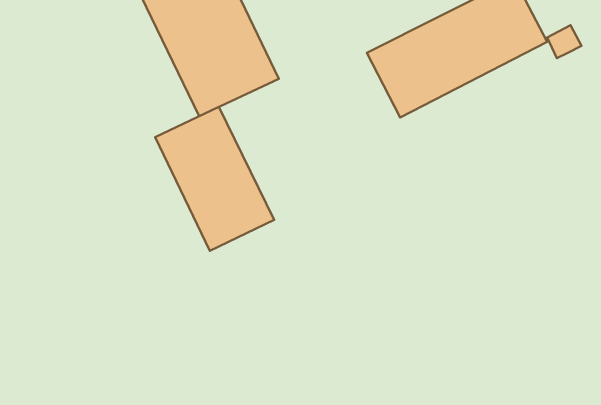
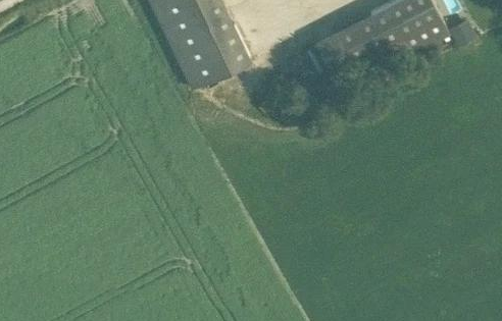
building: [155,107,274,251] -> none

